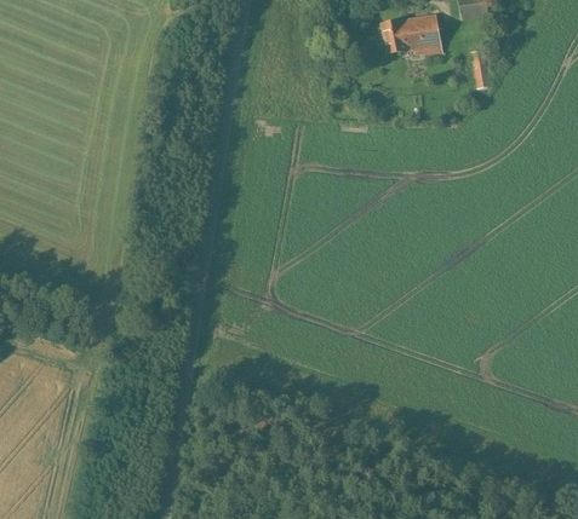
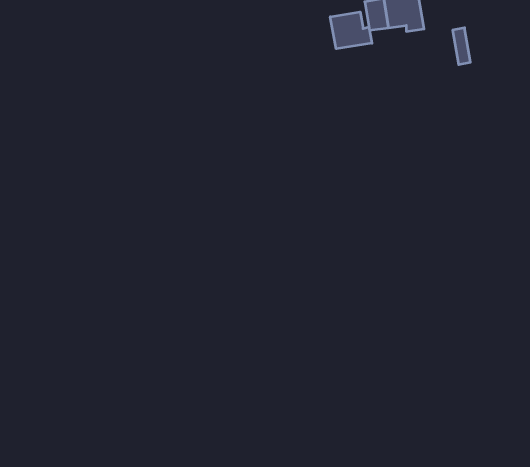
building: none -> [330,12,372,49]

